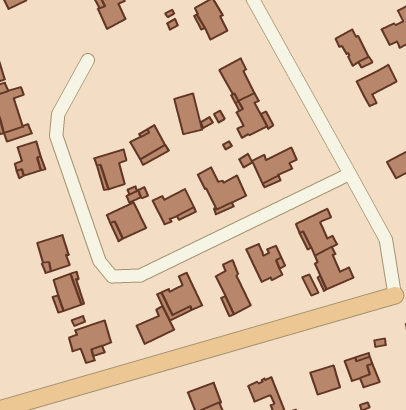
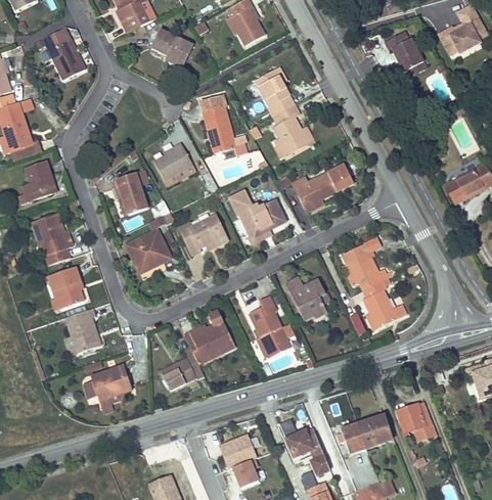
building: none -> [151,29,193,67]
building: none -> [49,39,86,80]
building: [357,65,396,106] -> none
building: none -> [33,214,73,265]
building: none -> [343,423,366,453]

